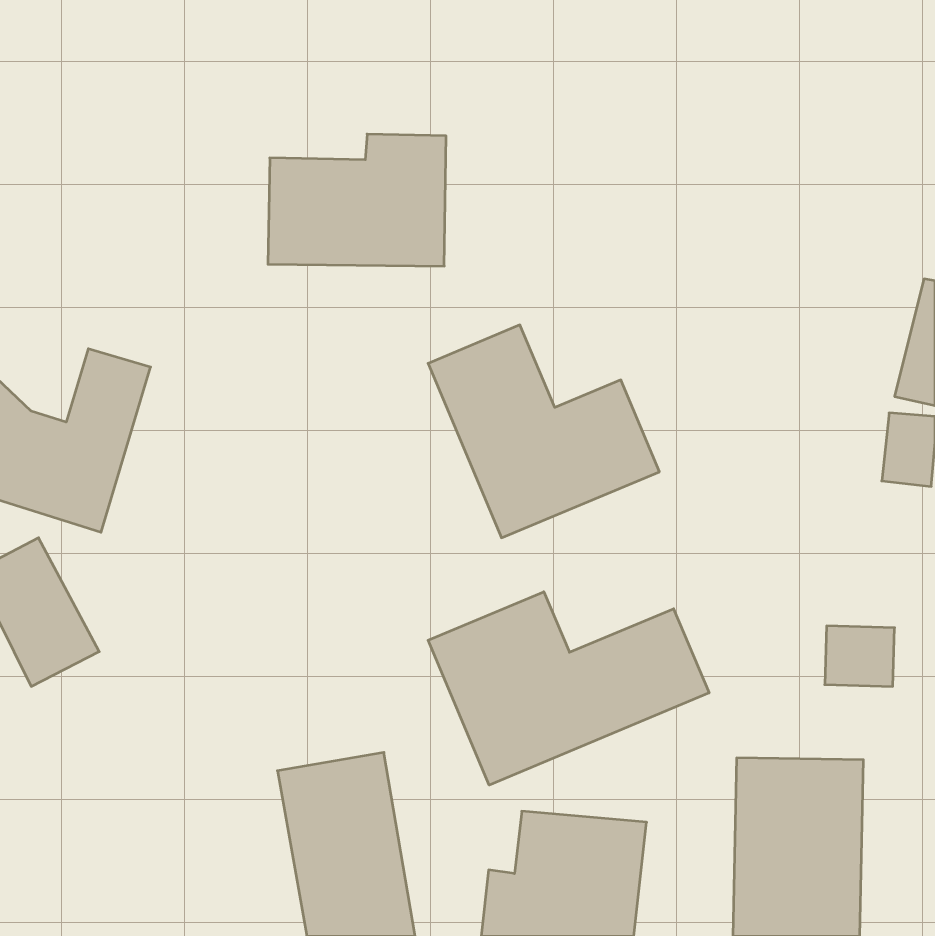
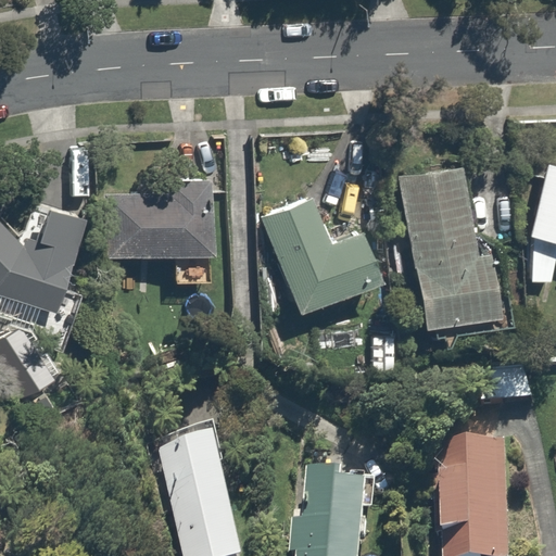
building: [268,134,446,266] -> [103,179,208,257]
building: none -> [396,164,508,338]
building: [428,592,709,785] -> none

